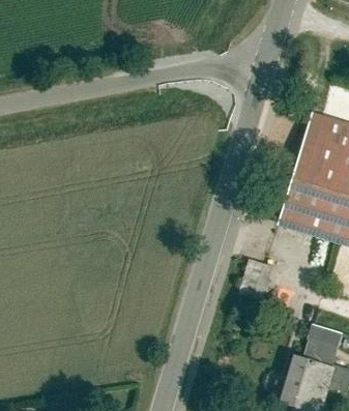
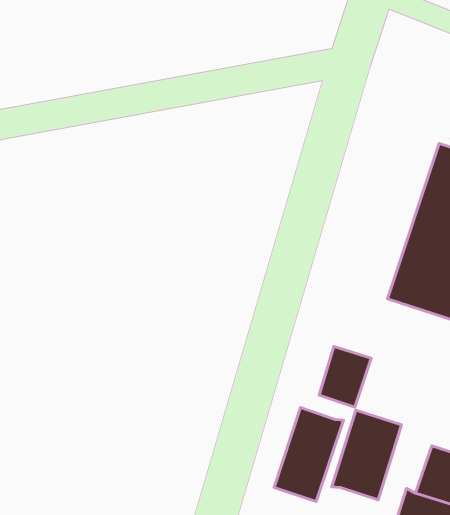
building: none -> [274,407,343,502]
building: none -> [332,410,401,500]

